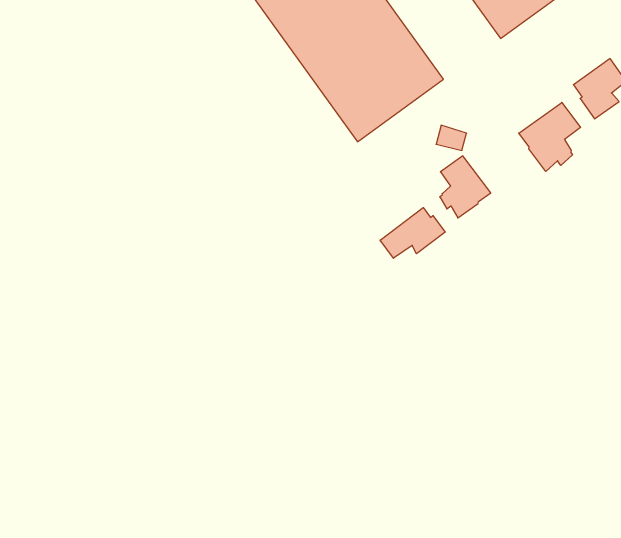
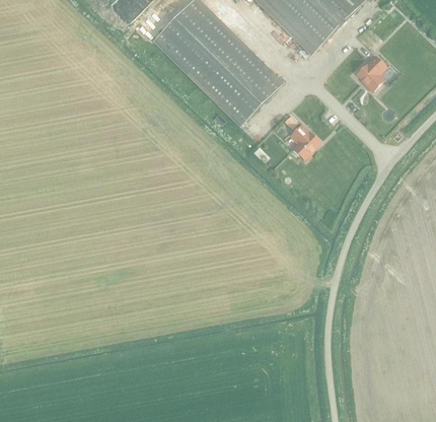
building: [519,102,581,171] -> none
building: [380,208,445,258] -> none

